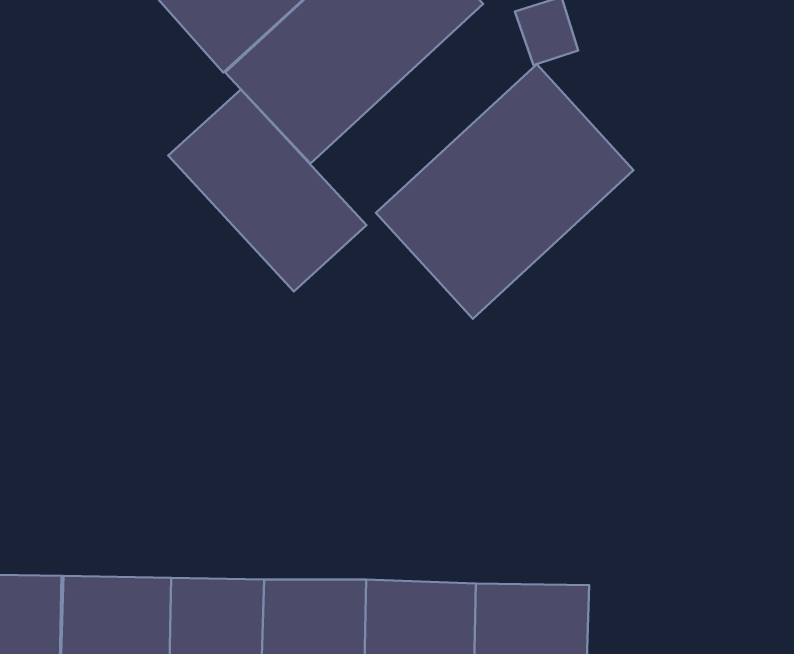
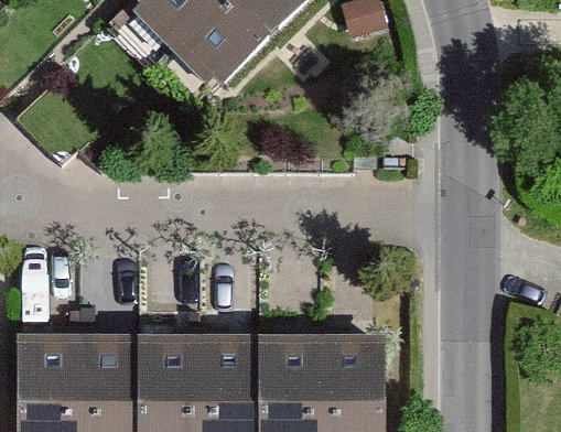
building: [376,64,634,319] -> none
building: [168,89,367,291] -> none

